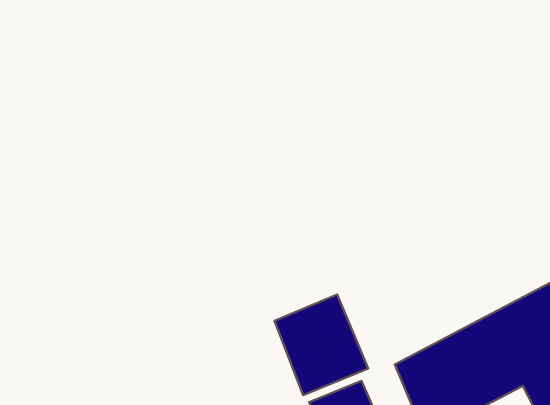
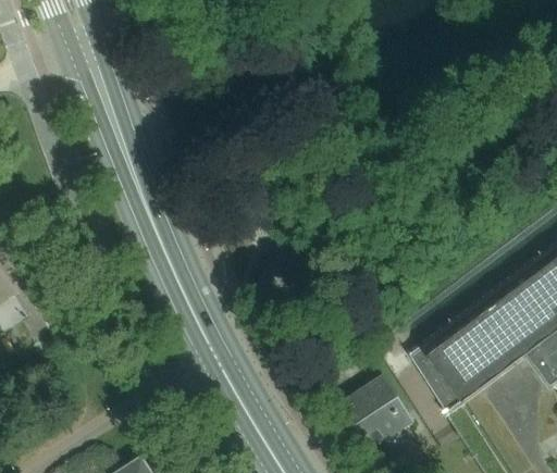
building: [274,294,368,395] -> none

